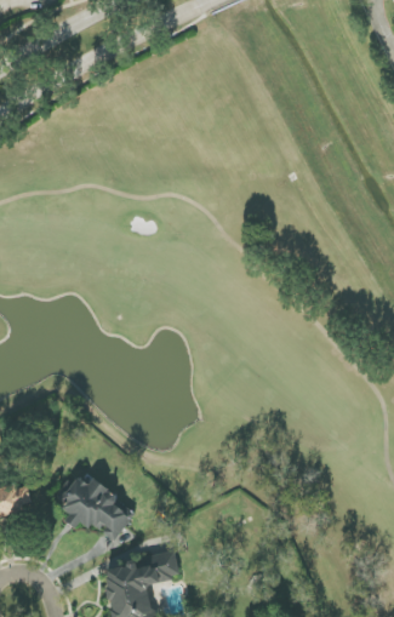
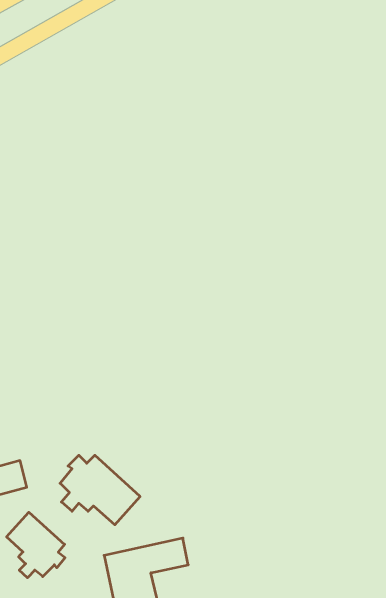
building: none -> [7,512,65,578]

